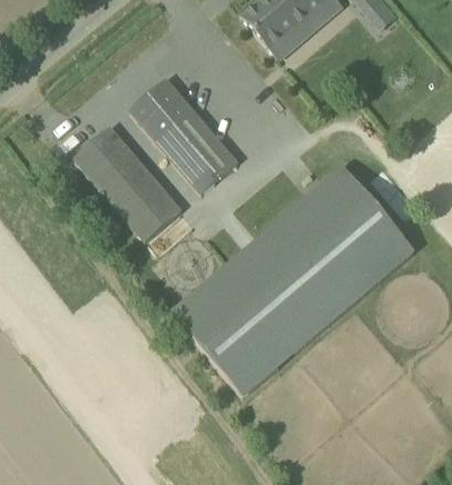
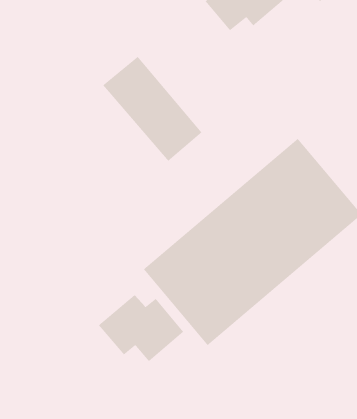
building: [72,123,183,241] -> none
building: none -> [98,285,184,362]

